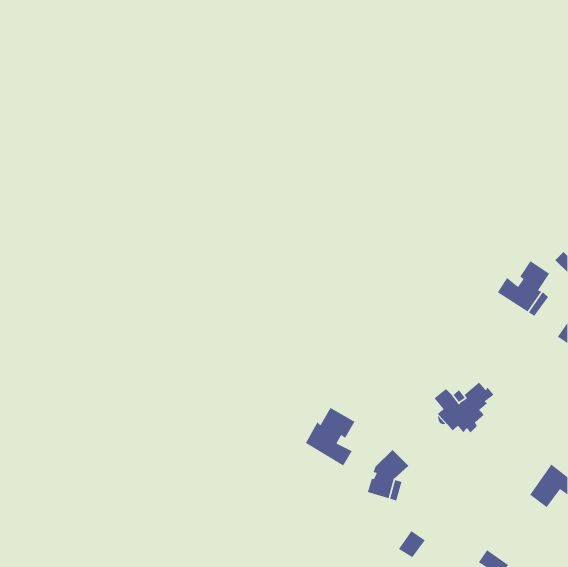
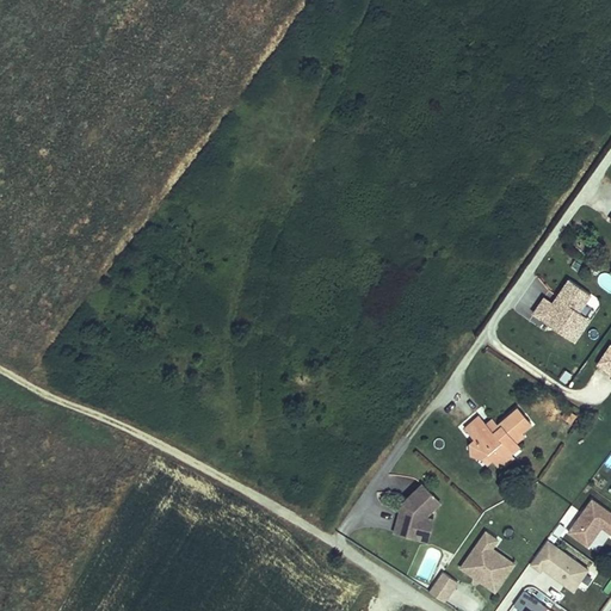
building: [305,407,355,466] -> none
building: none -> [461,529,516,591]
building: none -> [530,541,587,591]

